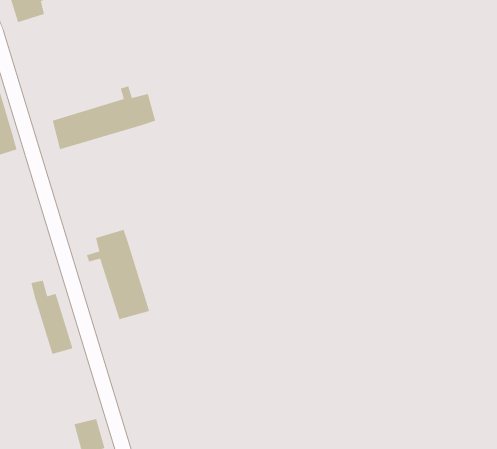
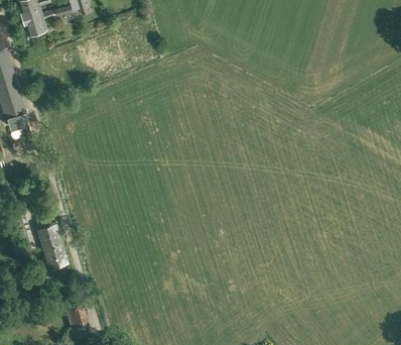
building: [52,85,156,150] -> none
building: [86,229,150,320] -> none

